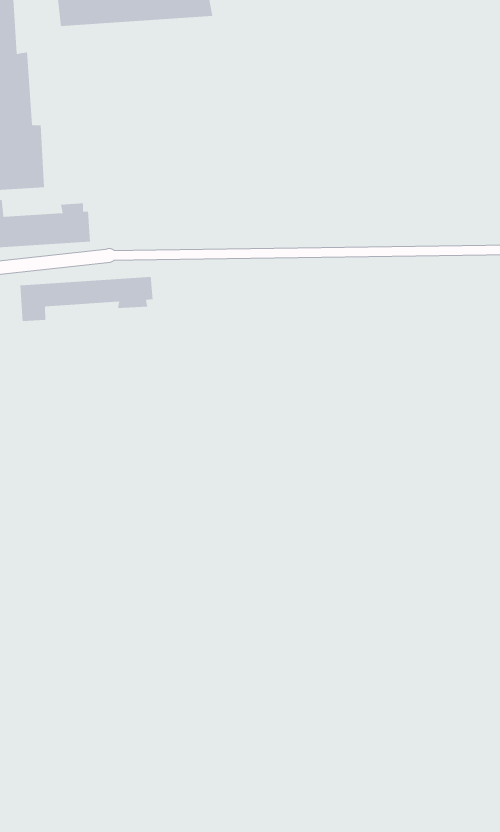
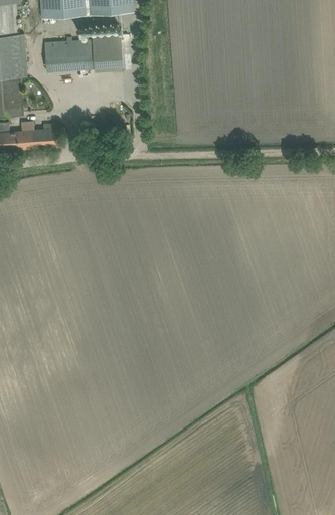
building: none -> [44,33,123,71]
building: [20,276,153,322] -> none

